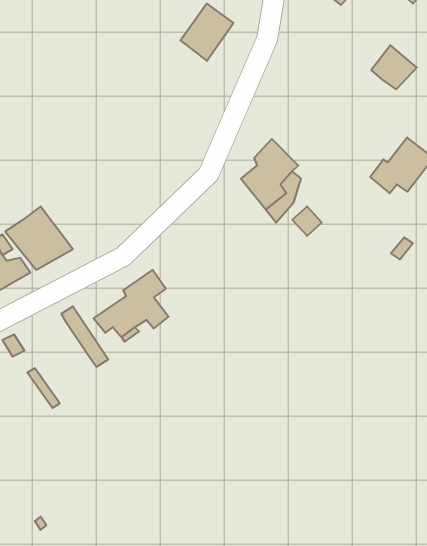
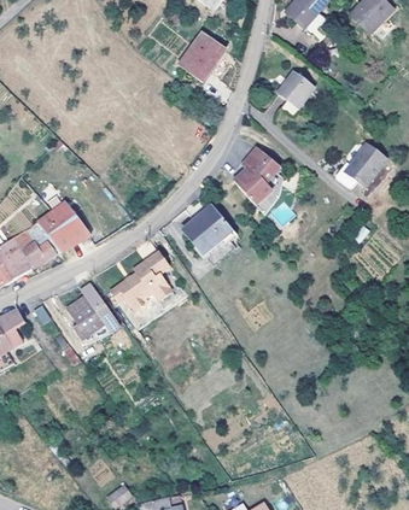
building: [371,45,417,89] -> [277,72,315,109]
building: none -> [183,205,238,265]
building: none -> [65,294,105,336]

